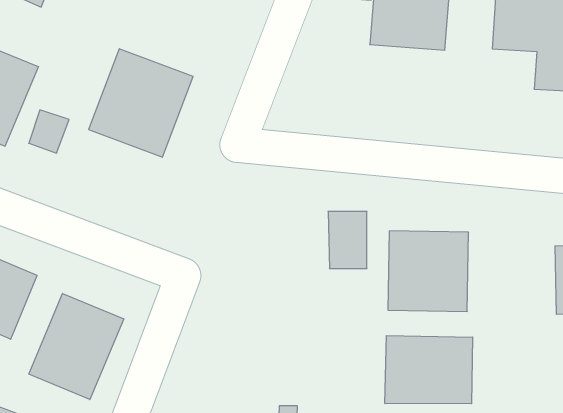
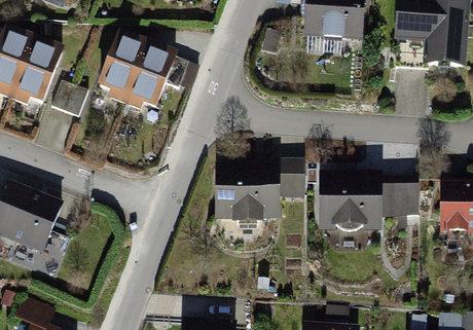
building: none -> [218,167,272,221]
building: none -> [384,177,413,217]
building: [29,293,124,400] -> none
building: [385,336,473,404] -> none

